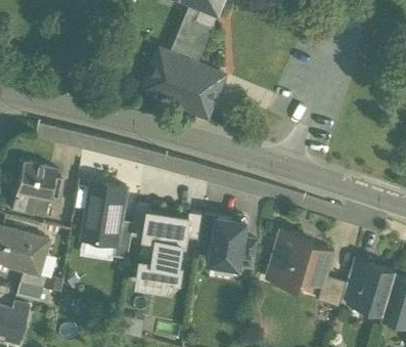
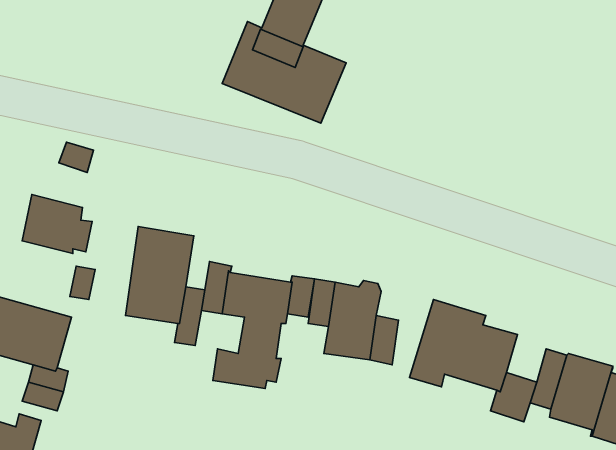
building: [11,190,48,217] -> none

